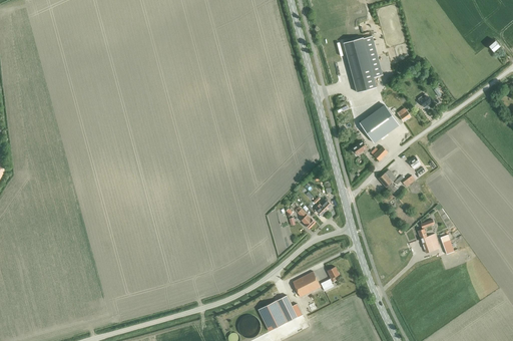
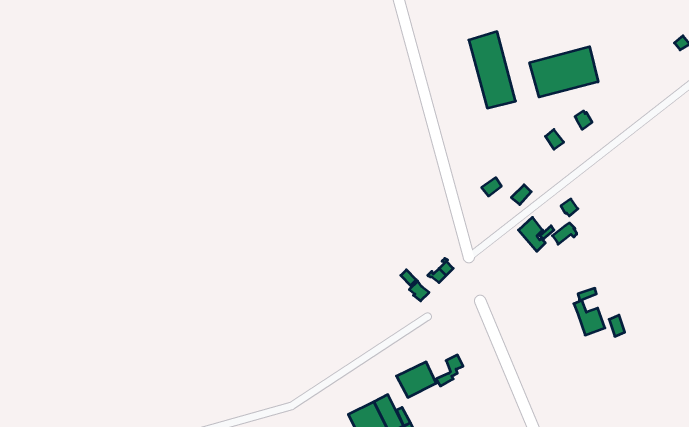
building: none -> [530,47,598,97]
building: [361,107,399,142] -> none

